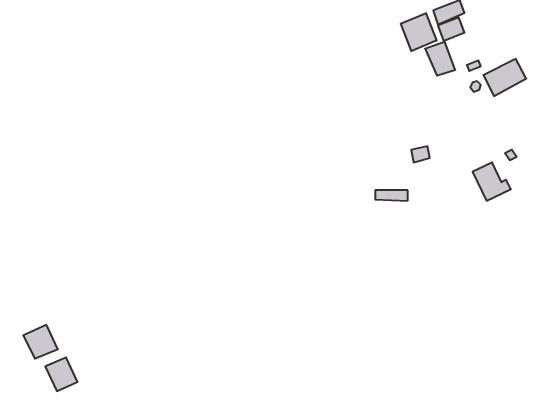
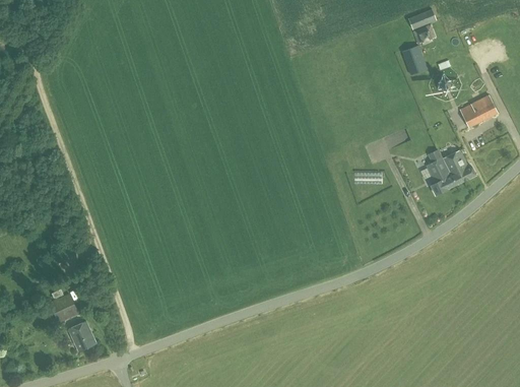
building: [401,13,437,51] -> none
building: [483,59,526,96] -> [459,94,497,127]
building: none -> [428,150,454,194]

